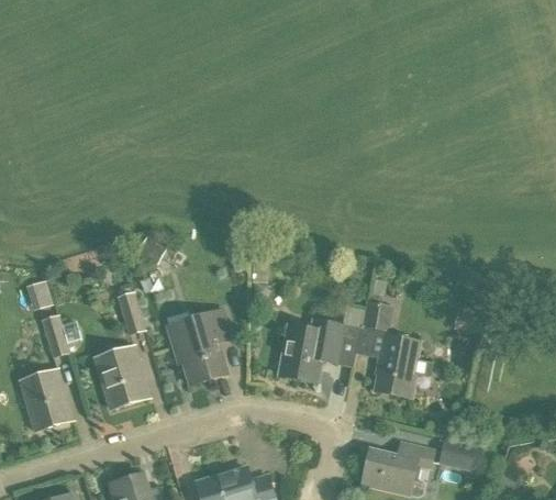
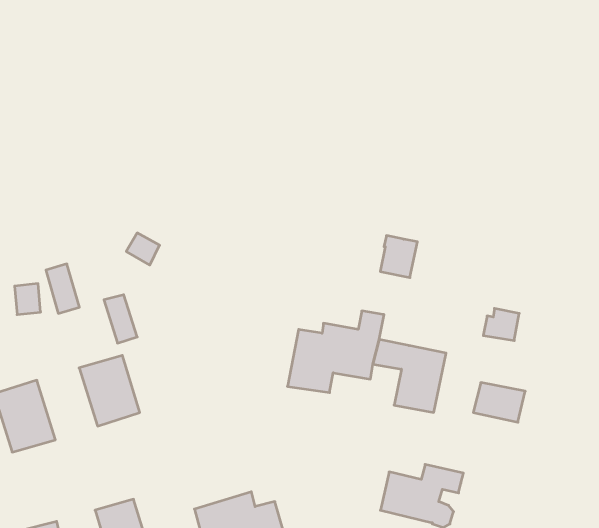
building: [360,300,393,337] -> [380,236,417,278]
building: [166,309,232,386] -> none
building: [41,314,70,358] -> [46,264,79,313]
building: [437,437,483,473] -> [473,383,525,422]

